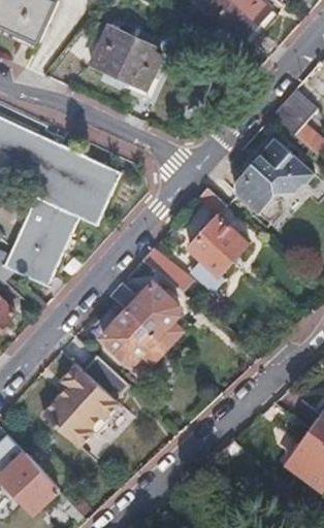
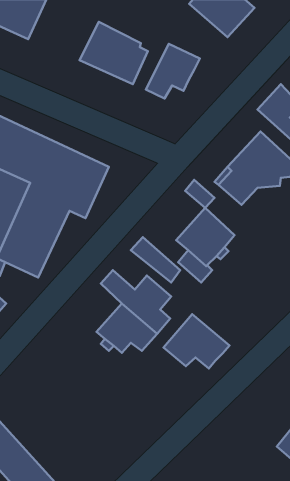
building: none -> [146,44,200,99]
building: none -> [164,314,229,369]
building: [42,352,130,446] -> none

